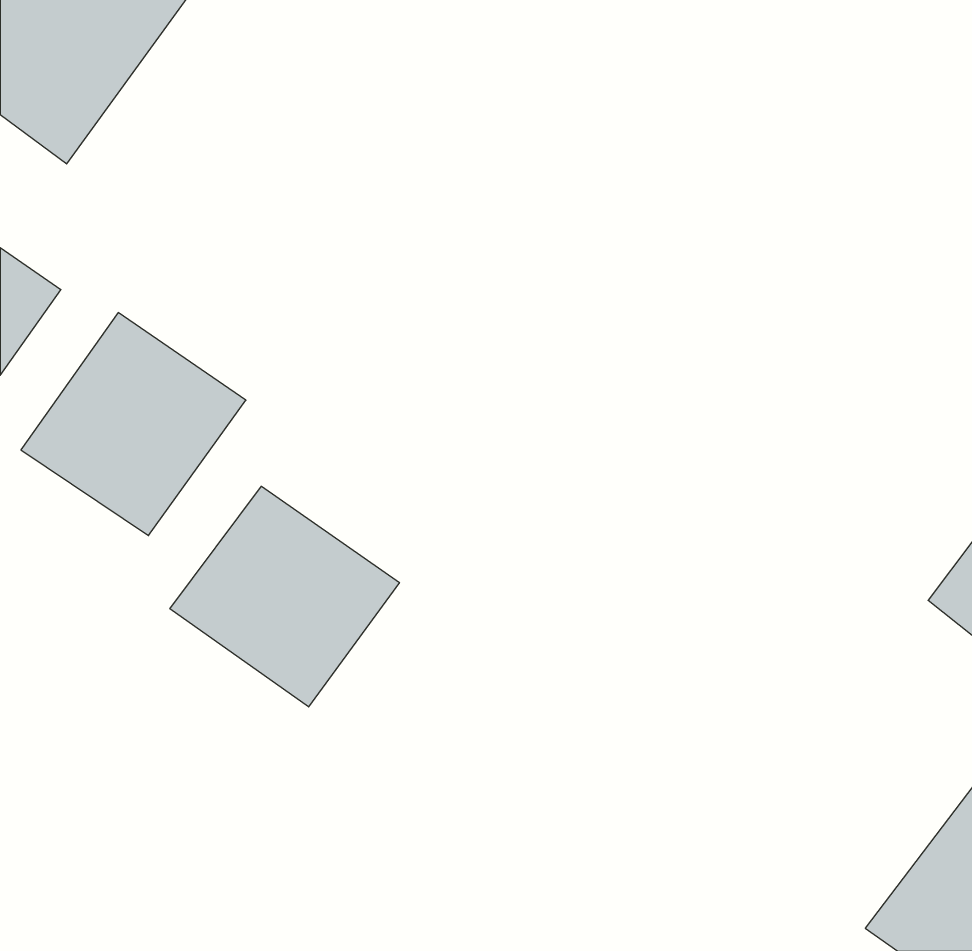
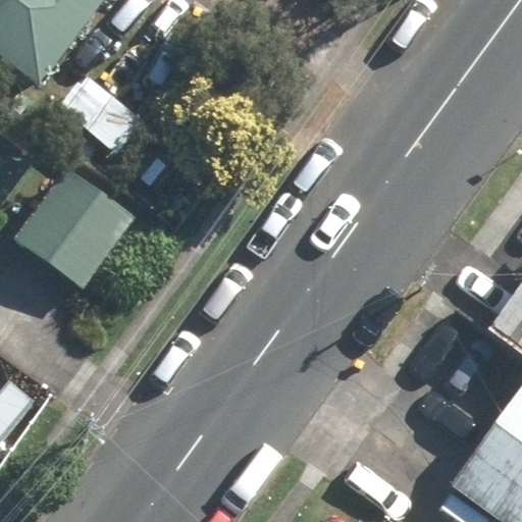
building: [170,486,399,707] -> none

